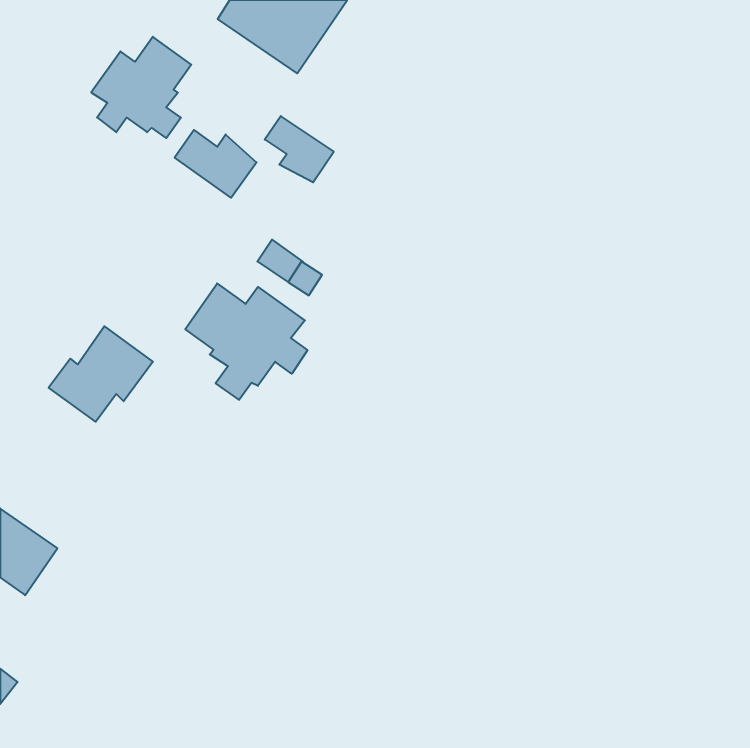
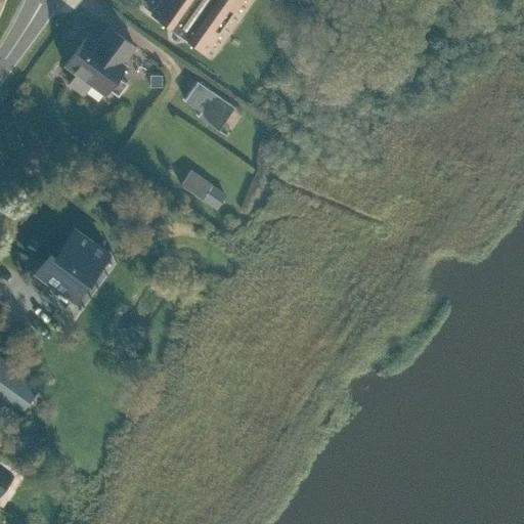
building: [175,130,257,198] -> none
building: [185,283,307,400] -> none

